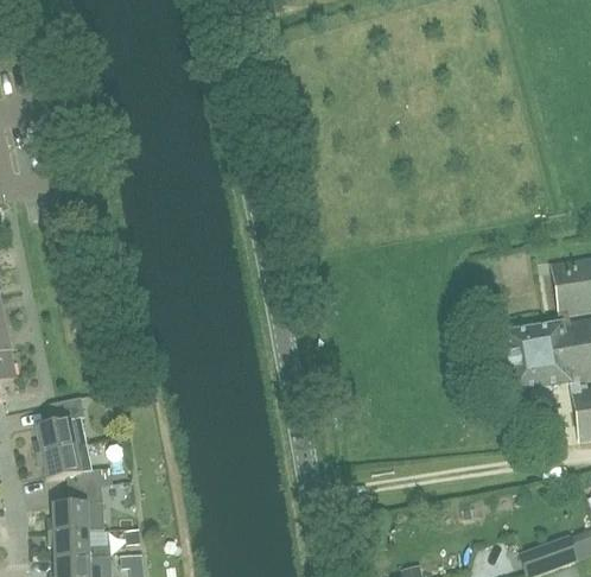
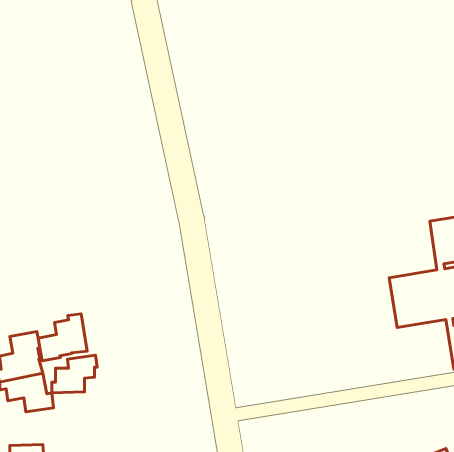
building: none -> [38,314,87,361]
building: [50,489,104,534] -> [52,355,97,393]

